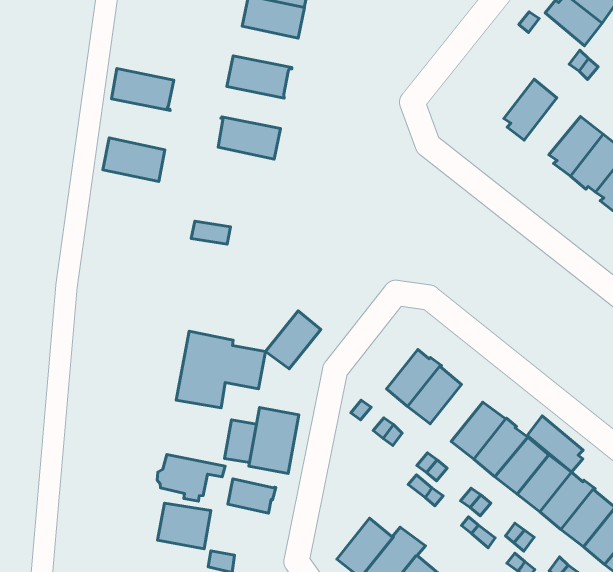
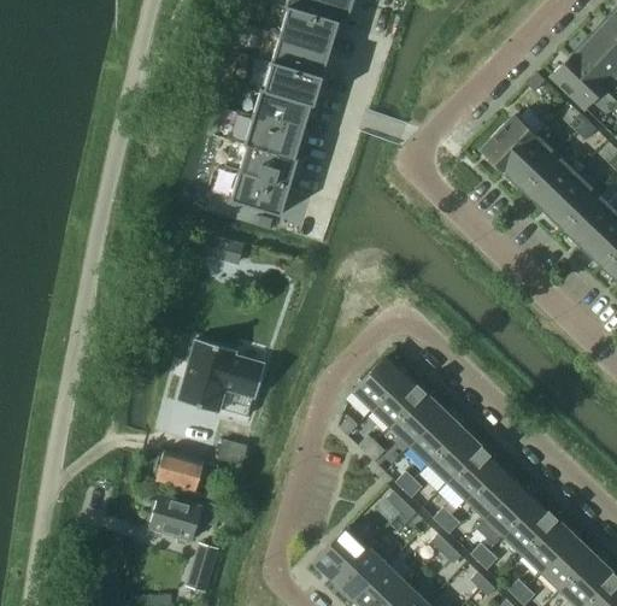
building: none -> [260,63,322,105]
building: none -> [481,117,536,172]
building: [112,68,174,110] -> [245,117,304,160]
building: none -> [522,155,576,207]
building: [103,138,165,182] -> [230,172,289,217]
building: [266,311,321,369] -> [353,357,406,410]
building: none -> [411,412,462,464]
building: [249,408,299,474] -> none
building: [527,416,583,472] -> none
building: [228,479,276,513] -> none

